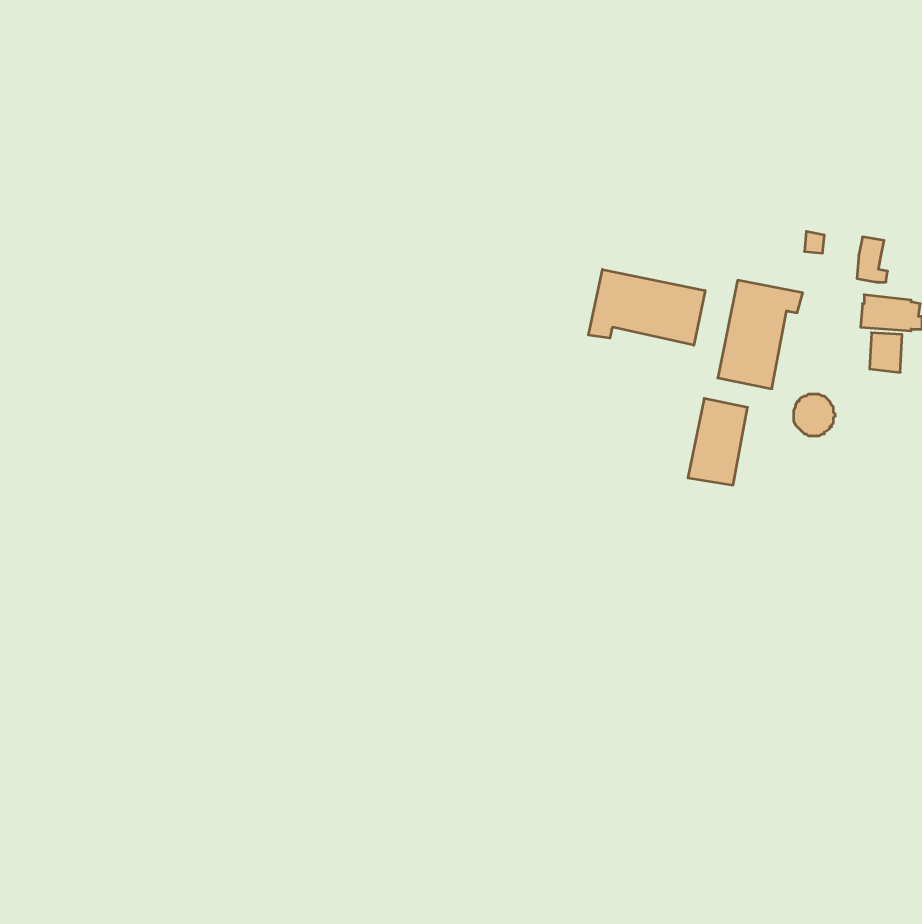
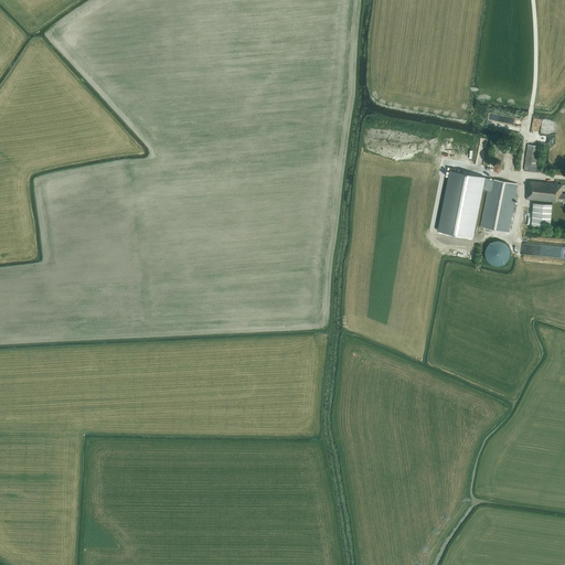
building: [588,269,705,345] -> none
building: [688,398,748,485] -> [480,179,516,232]

